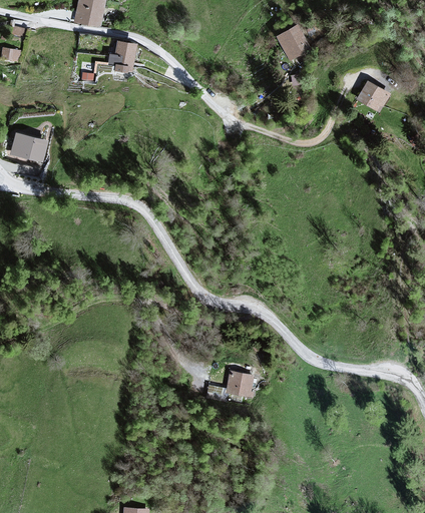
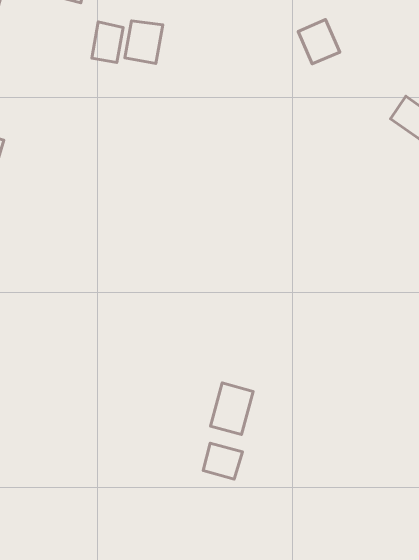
building: none -> [125,21,163,64]
building: none -> [211,383,253,435]

